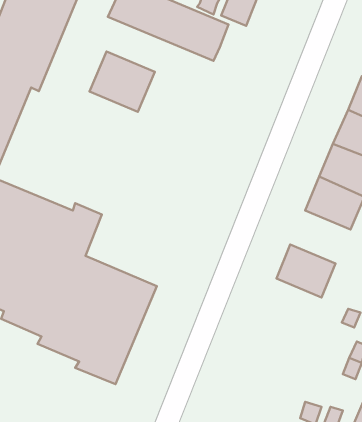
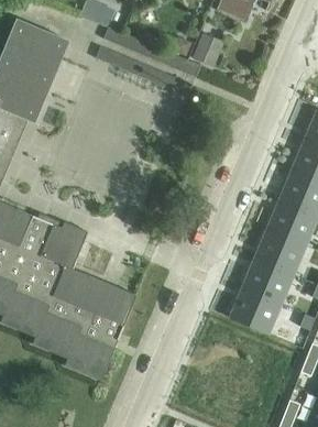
building: [89,51,155,112] -> none
building: none -> [254,228,307,274]
building: none -> [230,287,282,333]

